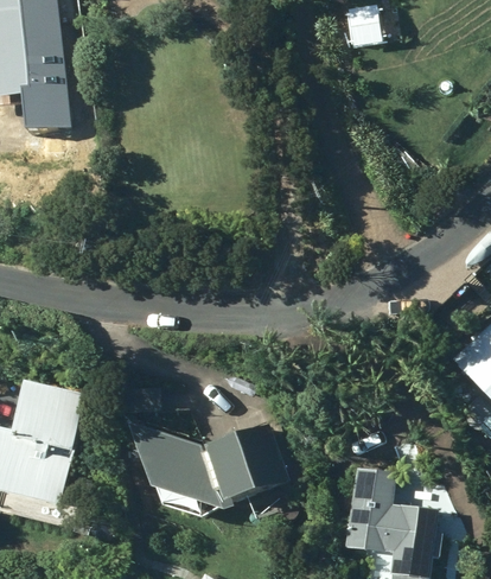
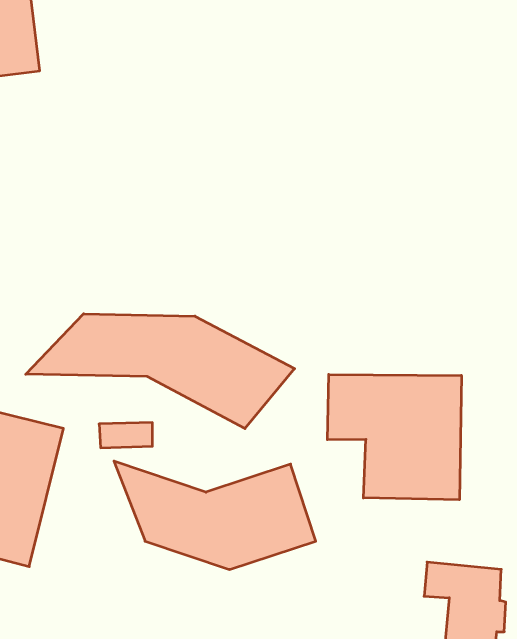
building: none -> [26,314,295,429]
building: none -> [327,374,461,500]

